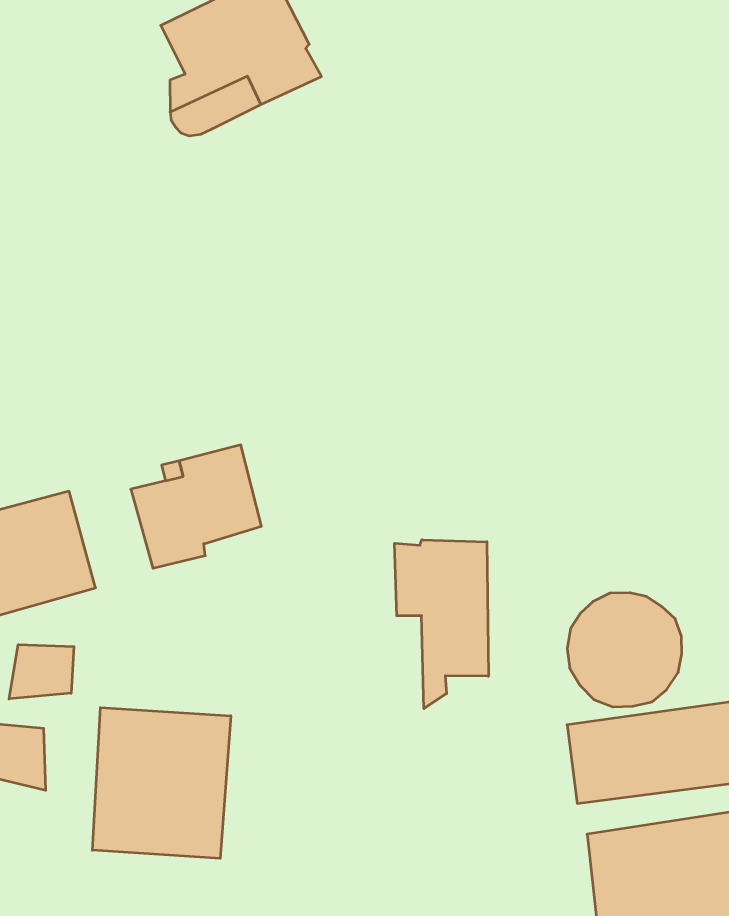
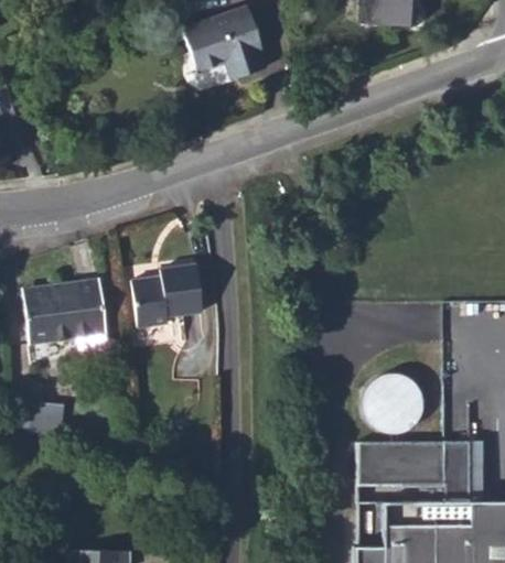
building: [395,540,488,709] -> none
building: [9,645,74,699] -> none
building: [92,708,231,858] -> none

